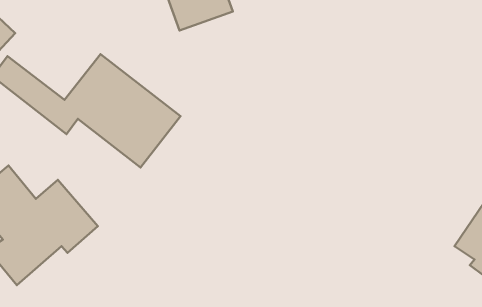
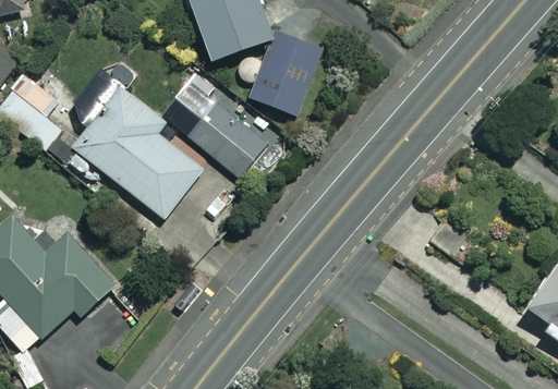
building: none -> [250,31,323,116]
building: none -> [162,76,269,175]

